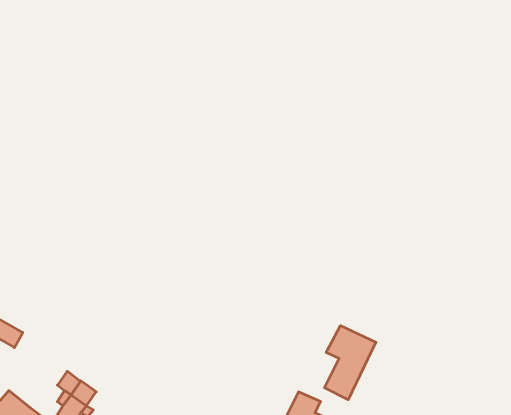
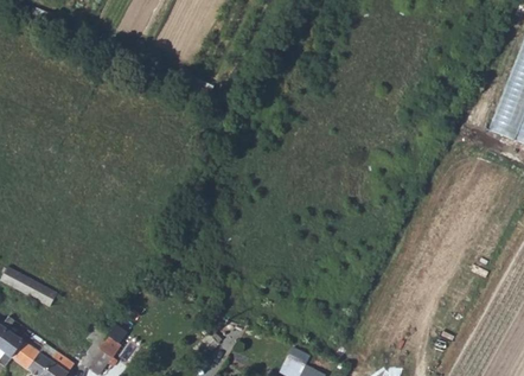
building: [325,326,376,400] -> none

